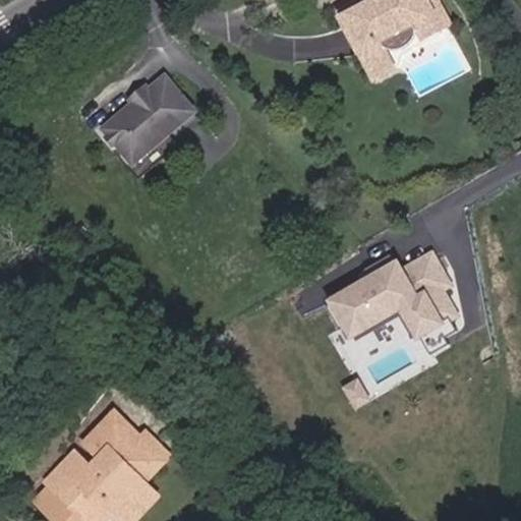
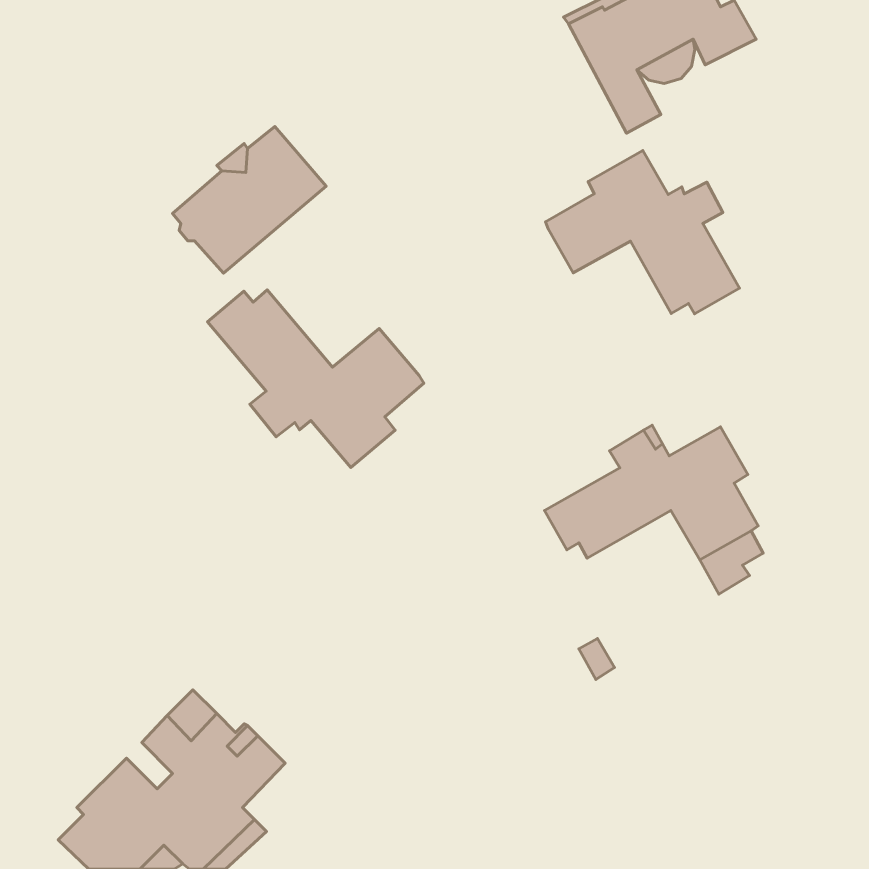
building: none -> [546,151,739,314]
building: none -> [208,290,424,468]

